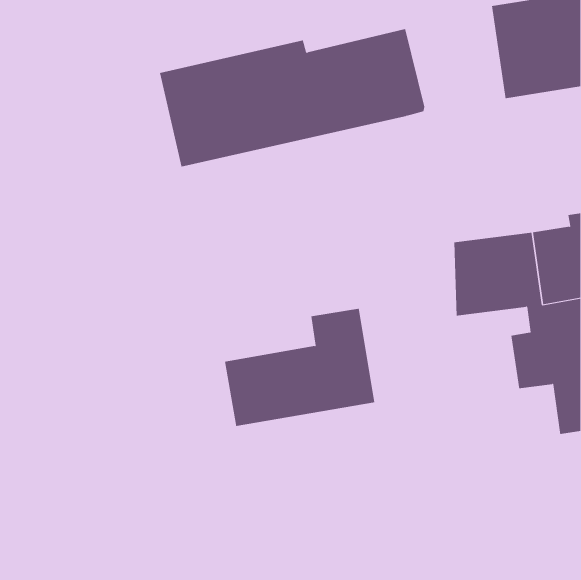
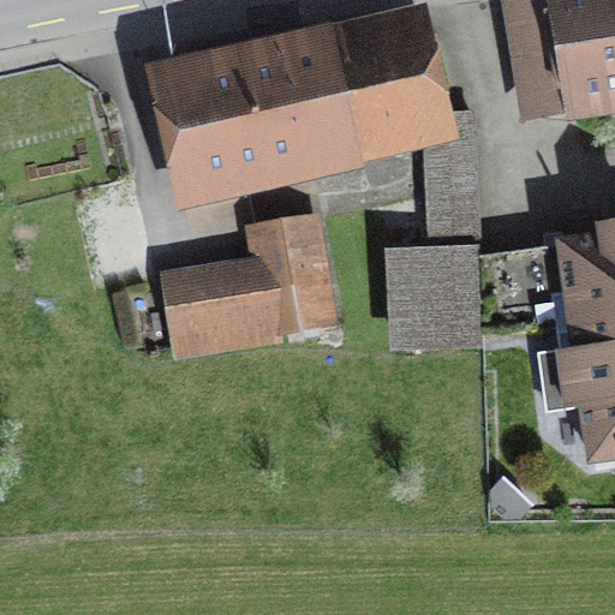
building: none -> [396,112,479,348]
building: [224,308,375,426] -> [166,226,326,351]

